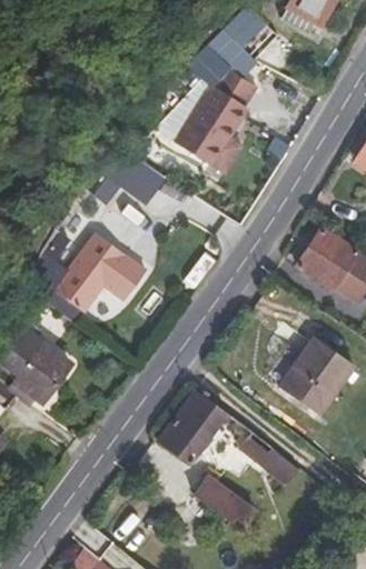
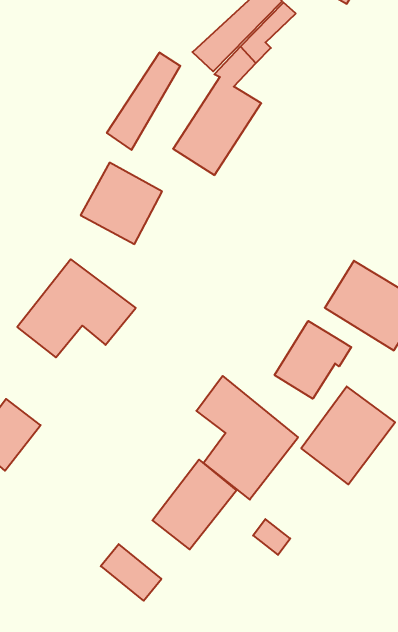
building: none -> [107,52,180,150]
building: none -> [275,321,351,399]
building: none -> [196,376,298,500]
building: [194,479,243,525] -> [101,544,161,601]

